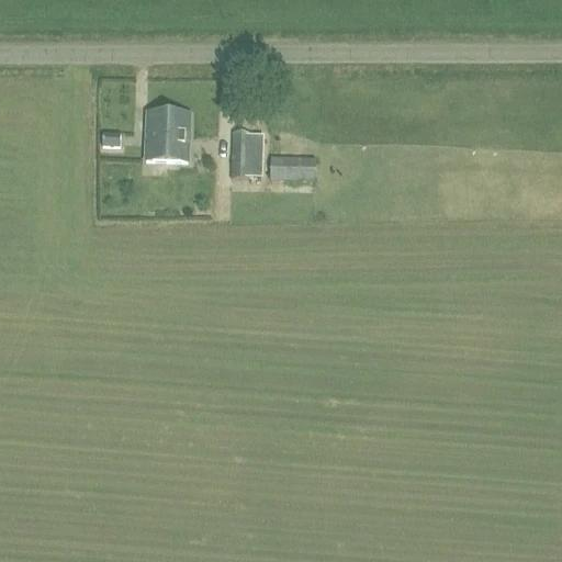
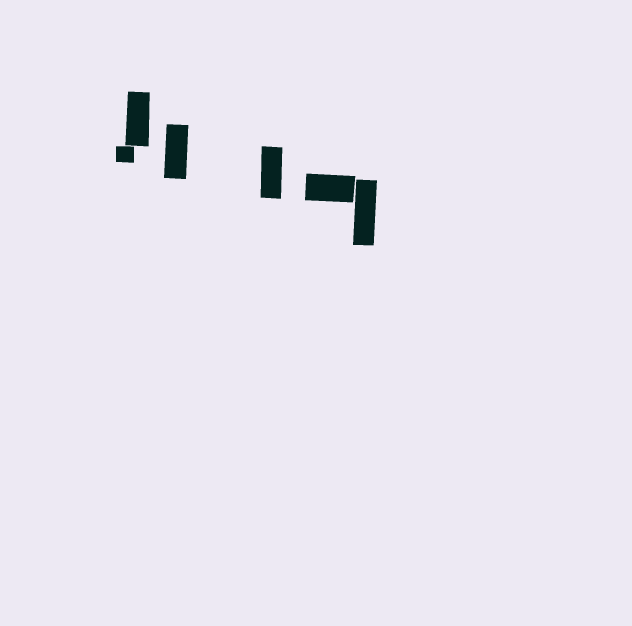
building: [166,111,189,160] -> [125,91,151,147]
building: none -> [353,179,377,246]

